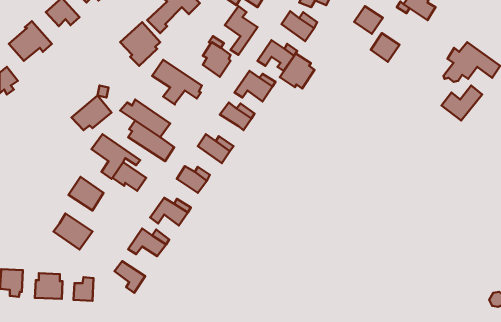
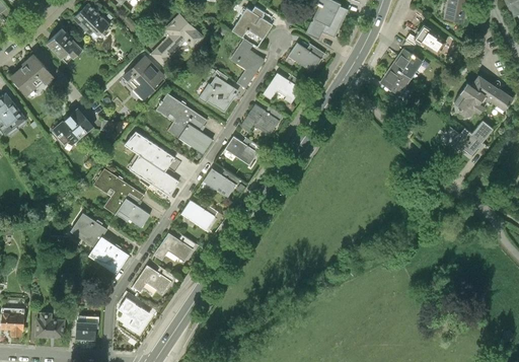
building: [354,6,383,34] -> [390,50,420,78]
building: [280,53,315,89] -> none
building: none -> [179,125,212,154]
building: [72,96,111,130] -> [52,108,92,144]
building: [54,214,92,249] -> [89,237,129,274]

